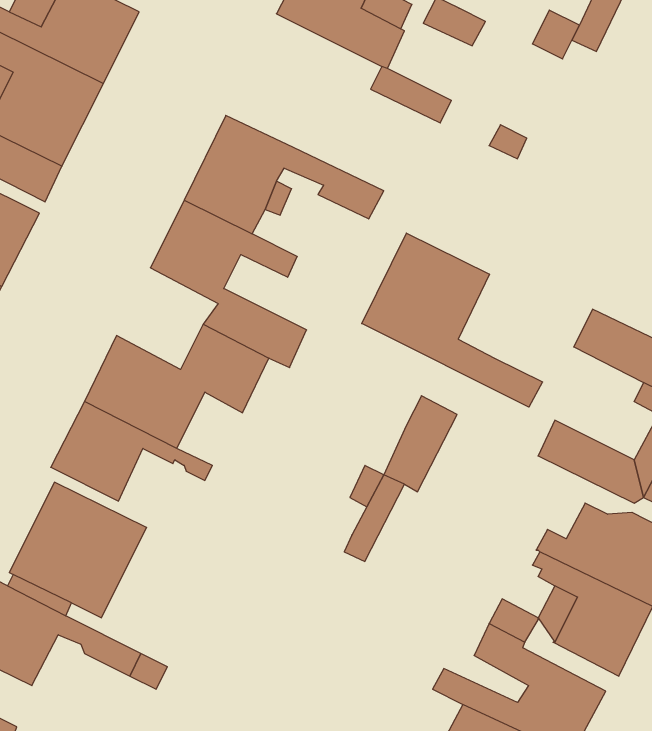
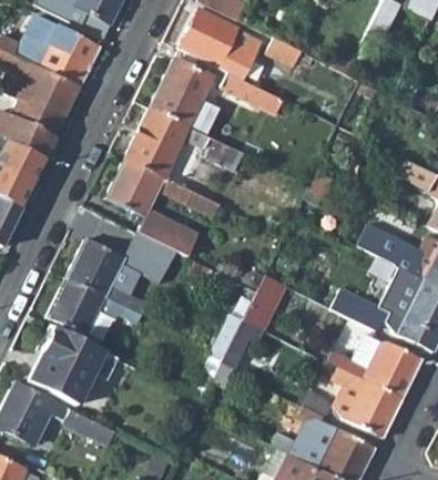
building: none -> [151,59,224,126]
building: [362,233,543,407] -> none

